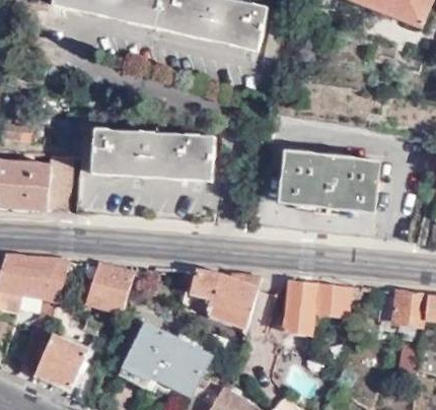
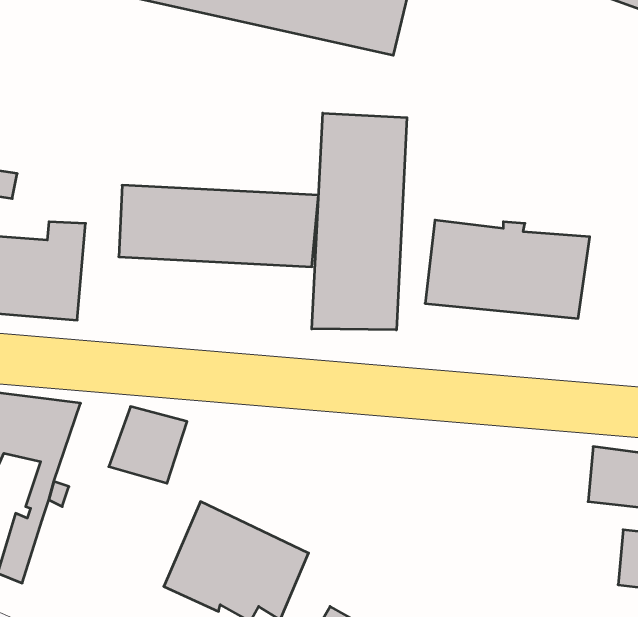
building: none -> [312,113,407,330]
building: [190,271,262,325] -> none
building: [283,279,361,336] -> none
building: [34,333,85,386] -> none

